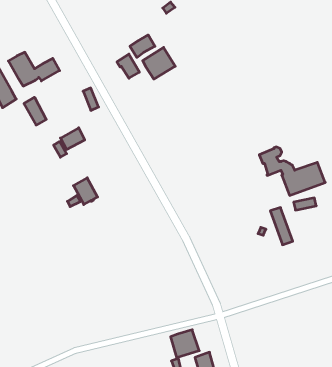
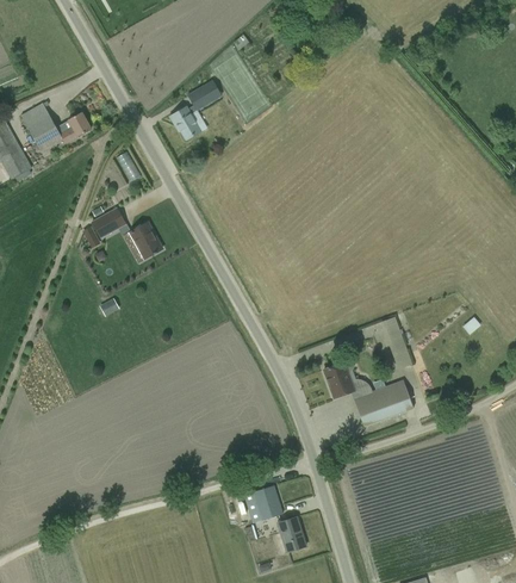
building: [143,47,175,79] -> none
building: [24,97,46,125] -> none
building: [259,147,325,195] -> [323,359,414,426]
building: [73,178,98,205] -> [129,222,162,259]

